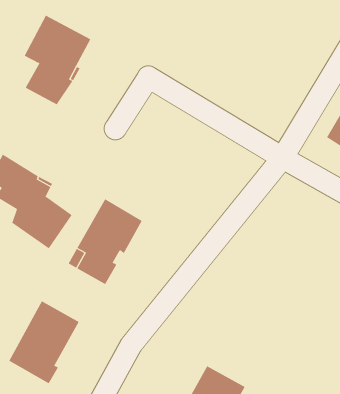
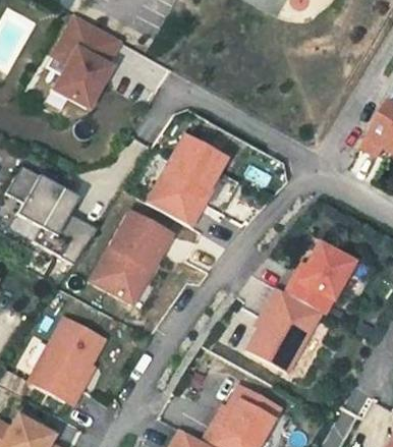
building: none -> [148,133,225,226]
building: none -> [246,241,352,372]

